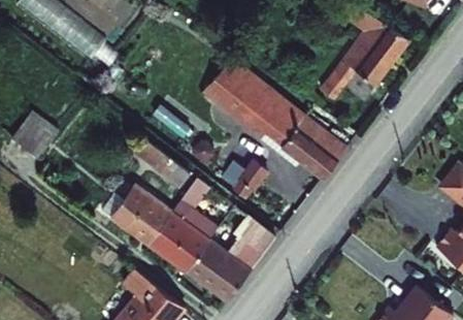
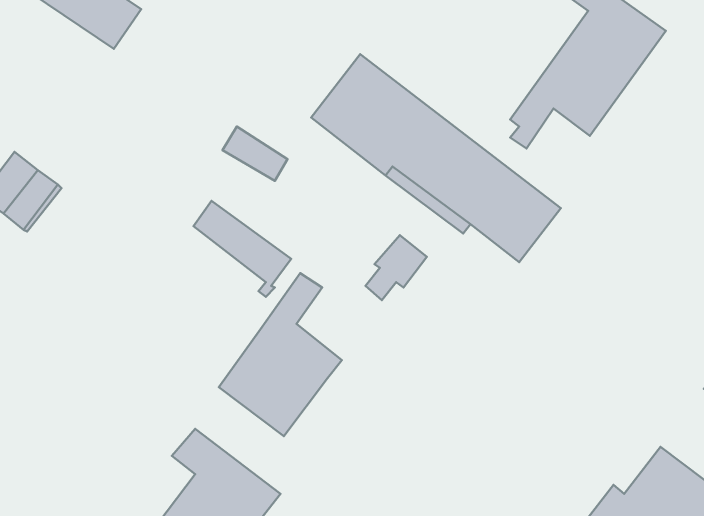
building: [106,188,175,246] -> none
building: [189,218,277,301] -> none

